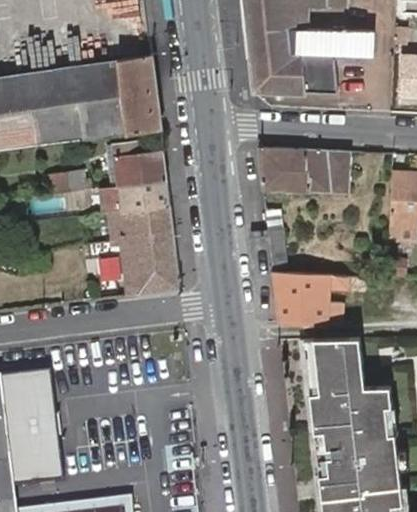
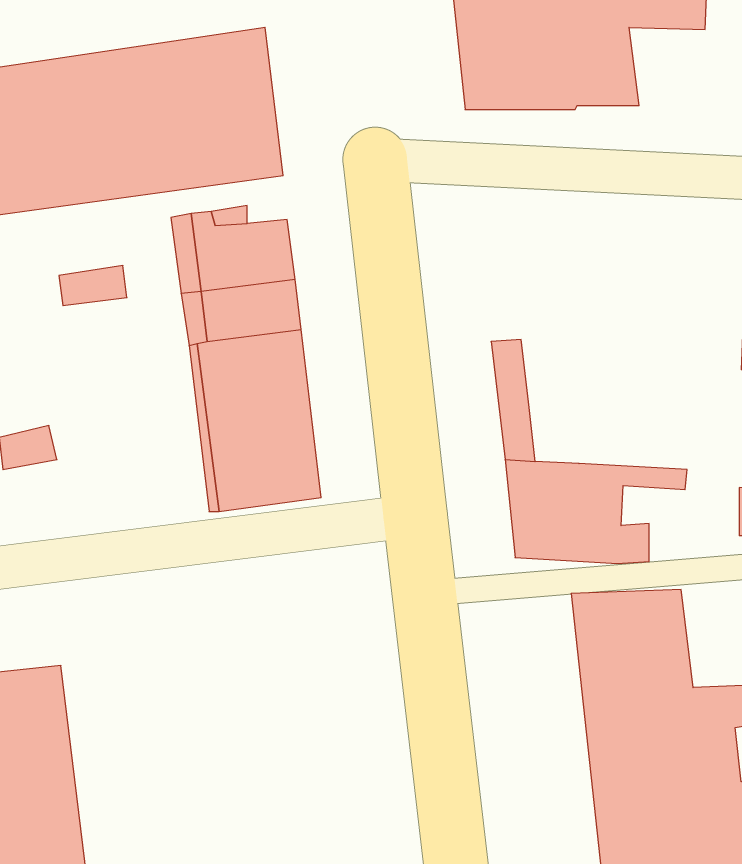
building: [257,147,351,193] -> none

